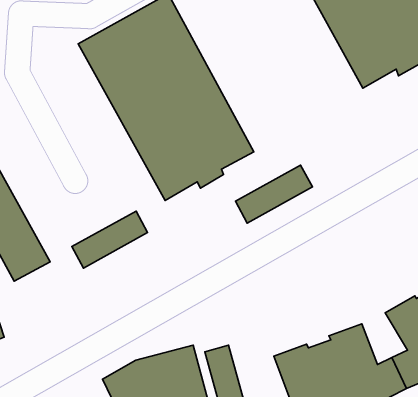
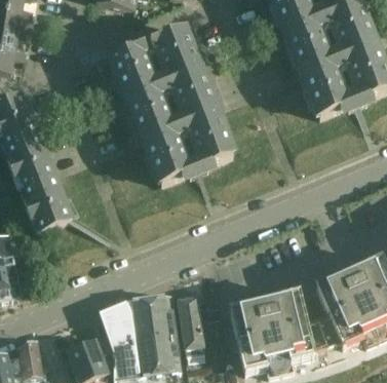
building: [236,165,312,223] -> none
building: [72,211,148,268] -> none

